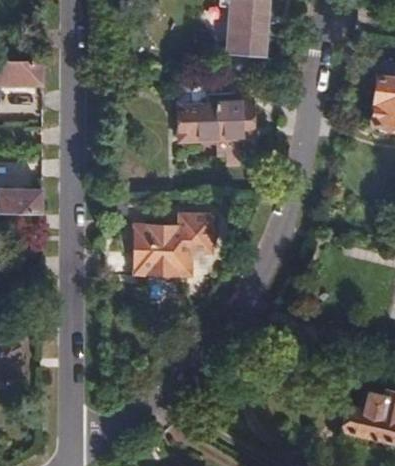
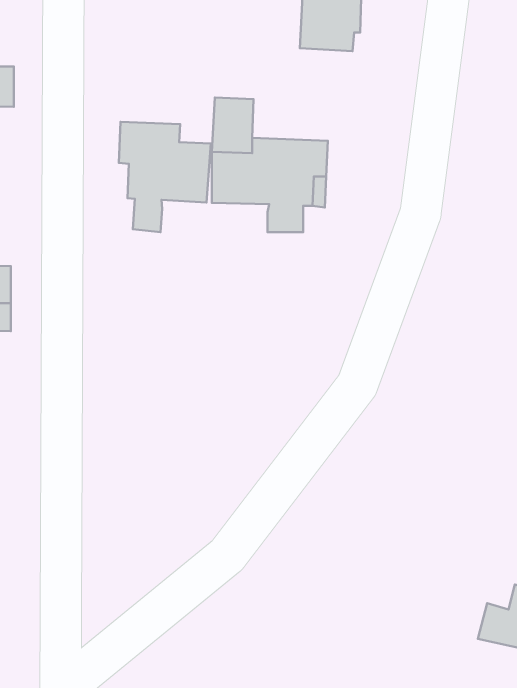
building: none -> [119,122,211,232]
building: [128,217,207,278] -> none

